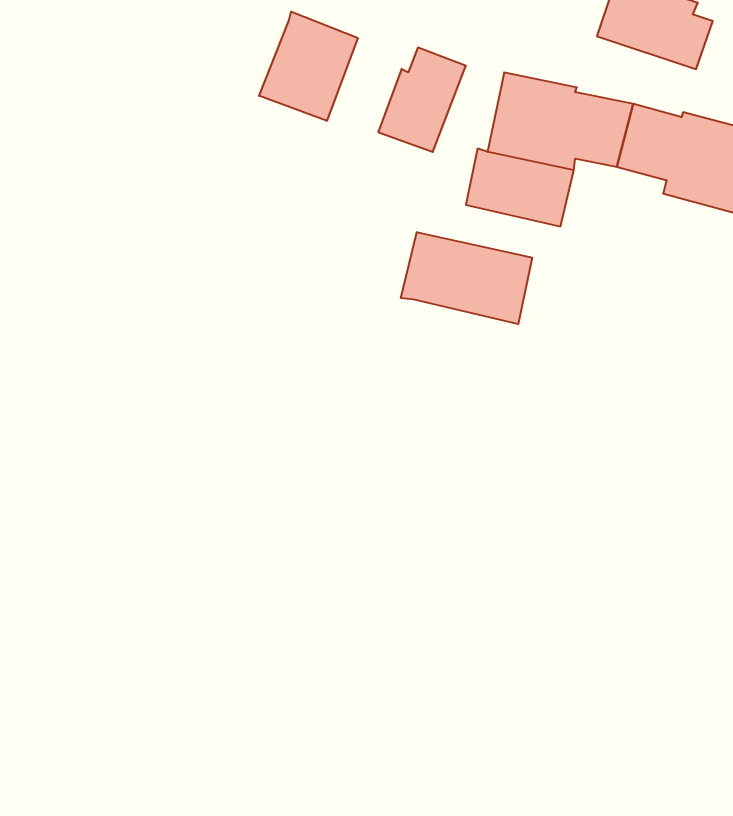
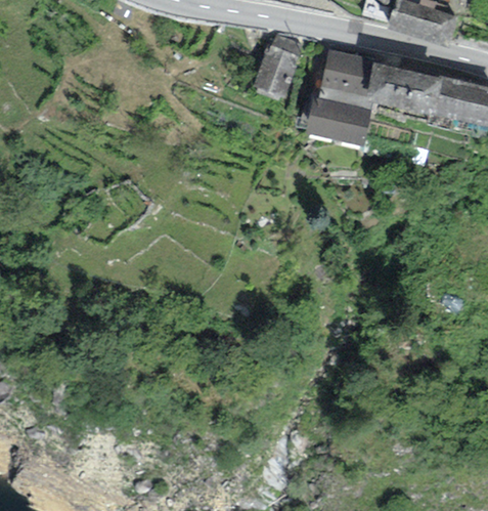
building: [259,12,358,121] -> none
building: [401,232,532,324] -> none

